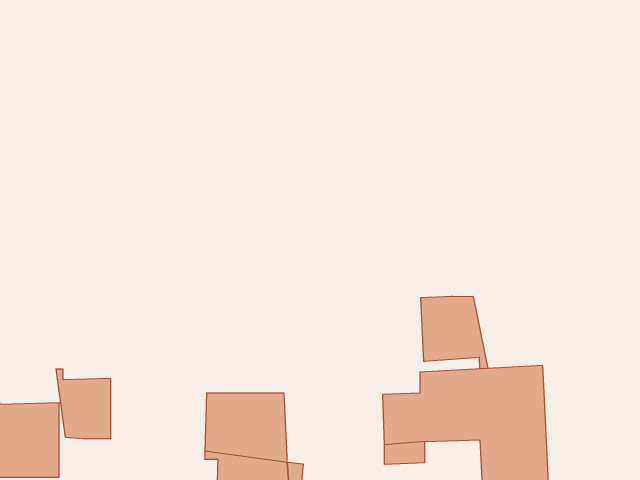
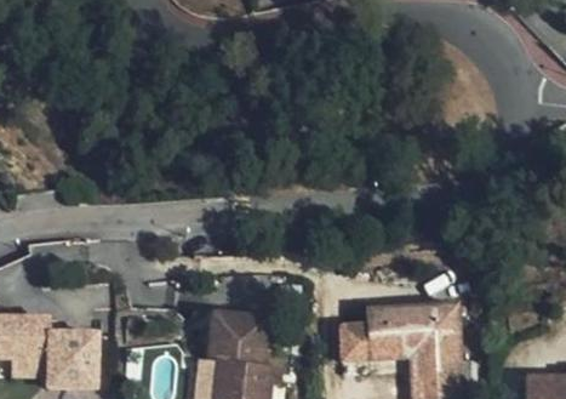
building: [421,296,488,369] -> none
building: [56,369,110,439] -> none

